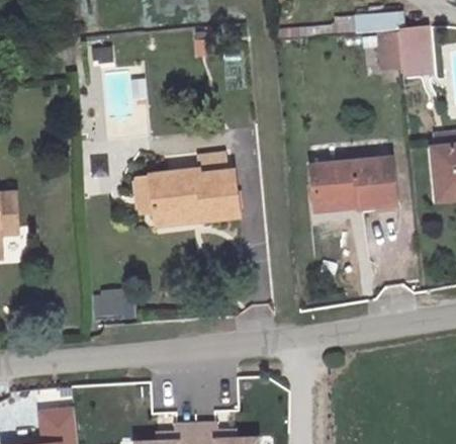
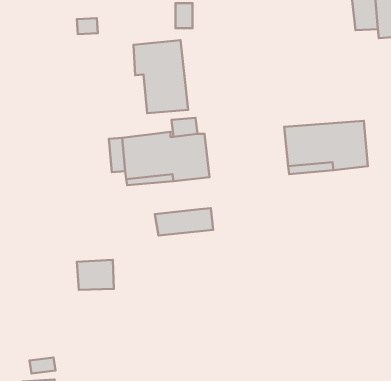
building: none -> [133,40,188,113]
building: none -> [155,208,213,236]

